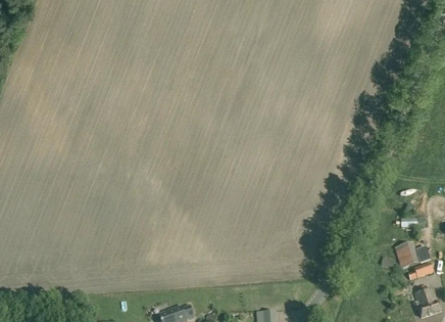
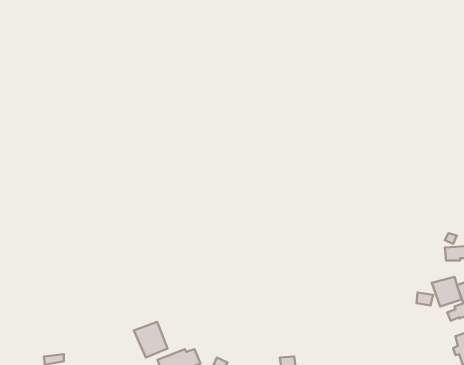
building: none -> [134,322,168,357]

